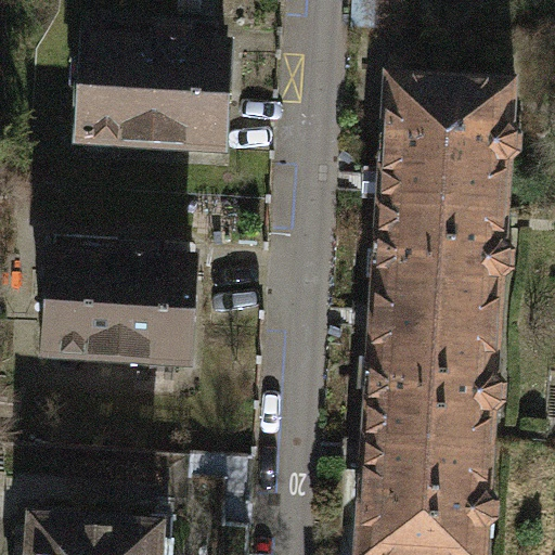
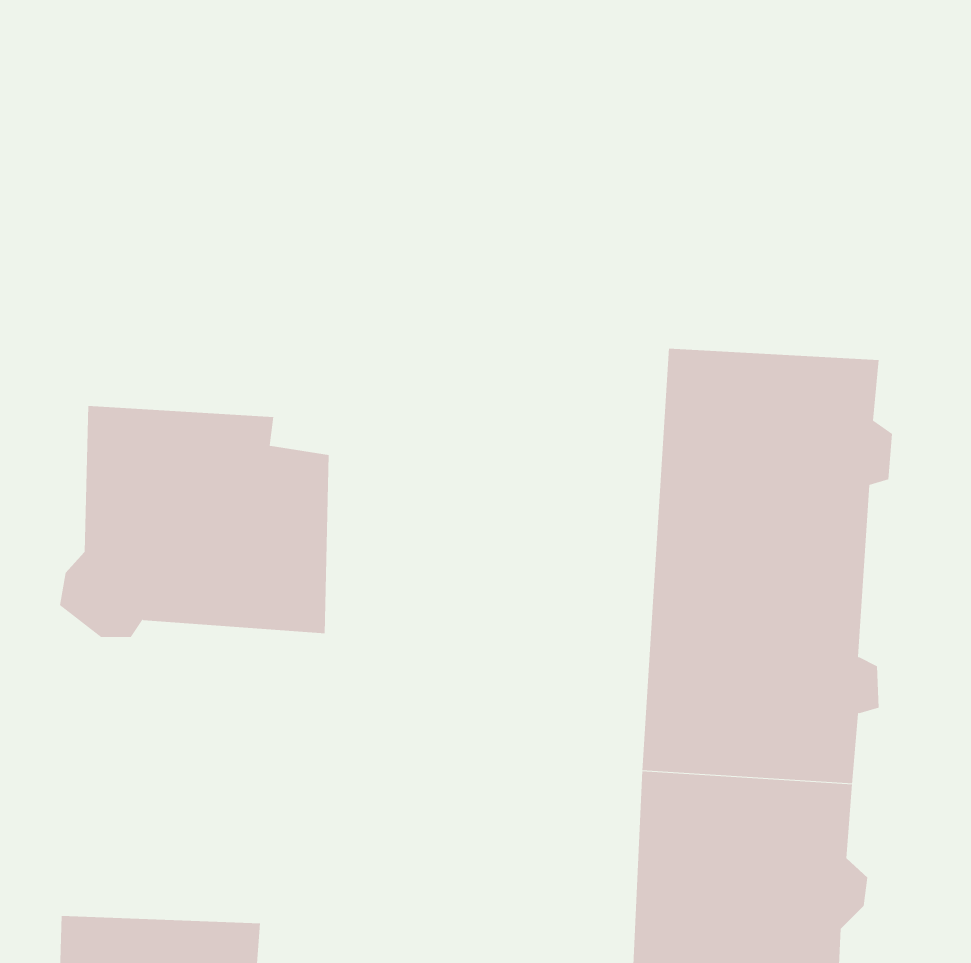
building: [72,30,223,153] -> none
building: [380,78,516,210] -> none

